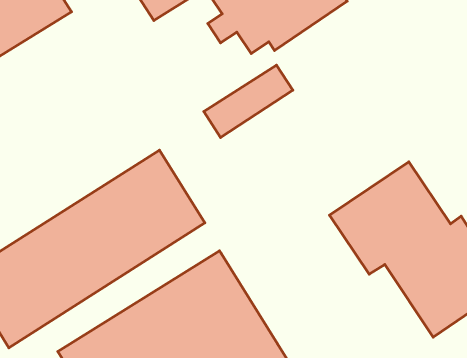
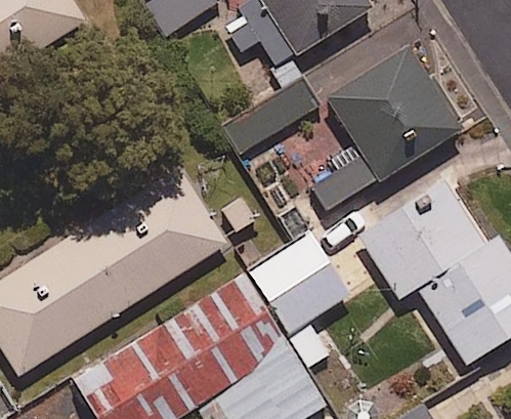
building: none -> [283,44,463,213]
building: none -> [244,233,355,372]

